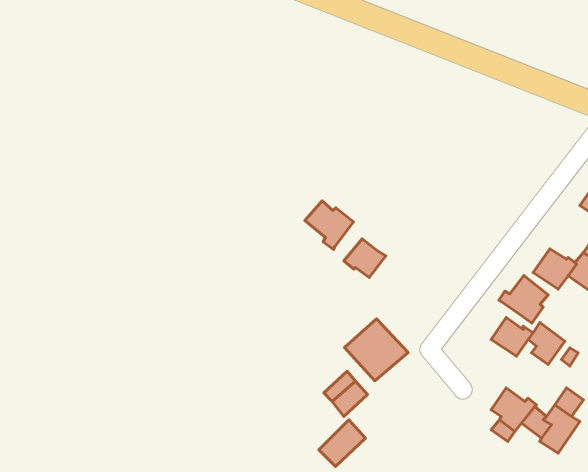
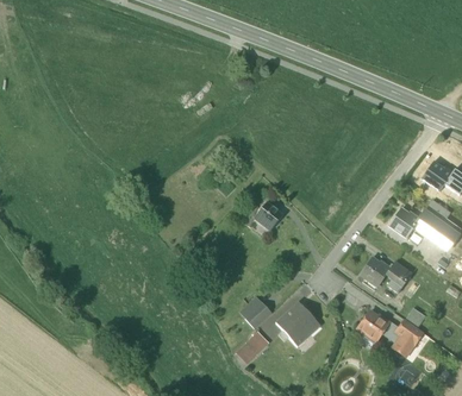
building: [305,201,354,249] -> none
building: [499,276,548,323] -> none
building: [345,319,408,381] -> [275,301,320,345]

